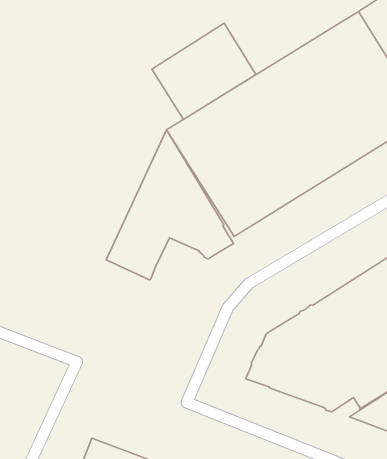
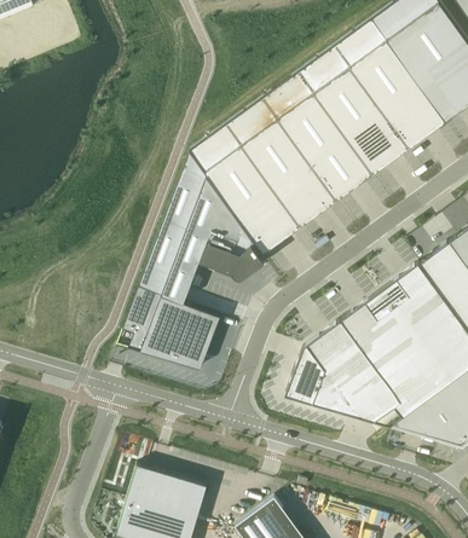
building: [152,23,256,119] -> none
building: none -> [116,285,220,369]

